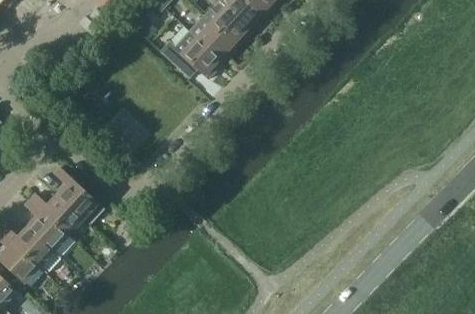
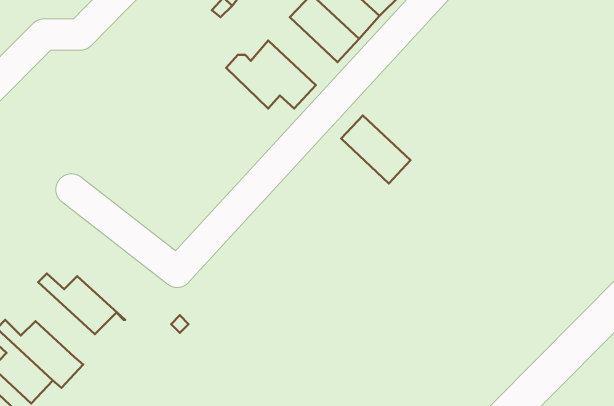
building: [188,16,236,63] -> [341,115,411,183]
building: [54,167,104,225] -> none
building: [24,199,68,251] -> none

